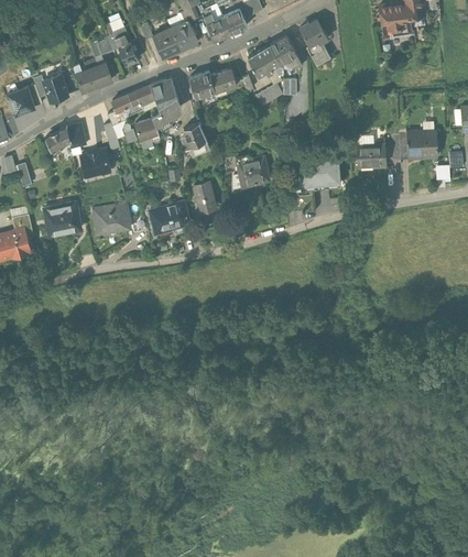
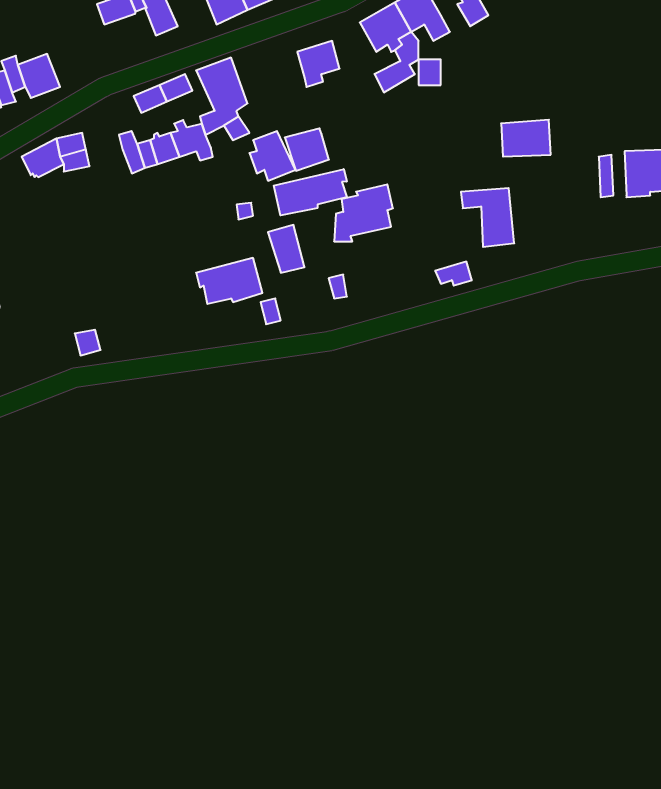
building: [75,65,112,94] -> none
building: [188,73,215,98] -> [285,128,329,171]
building: none -> [274,169,347,215]
building: [356,146,385,168] -> [501,120,551,157]
building: [80,149,110,174] -> none
building: [44,200,81,232] -> none
building: [92,201,130,234] -> none

